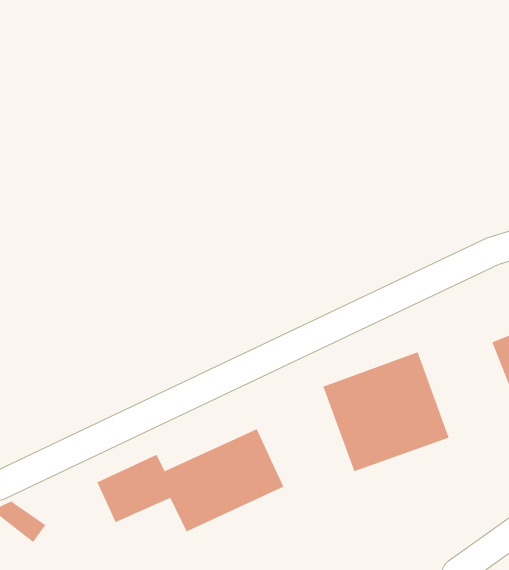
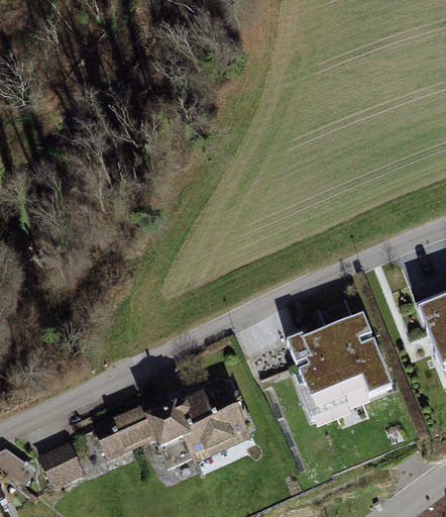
building: none -> [42,436,91,486]

